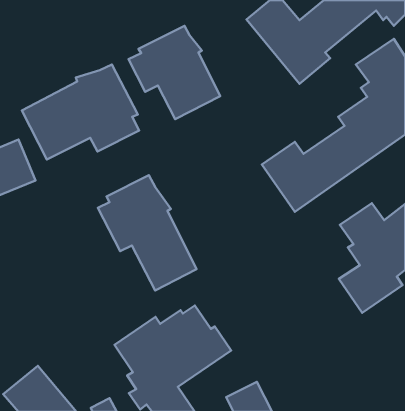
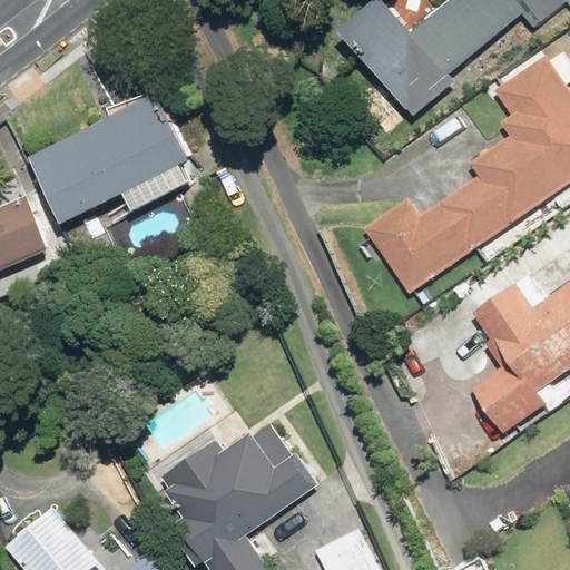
building: [128,26,220,119] -> none
building: [98,175,197,290] -> none

